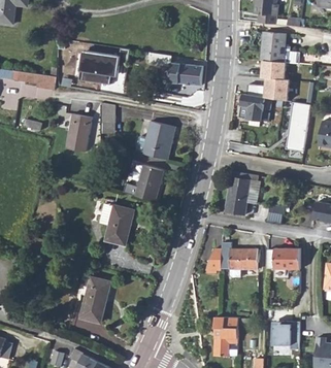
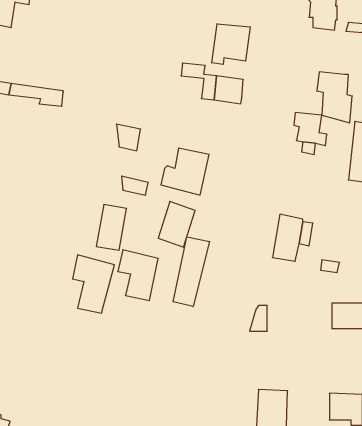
building: none -> [212,24,250,64]
building: [262,30,288,62] -> none
building: [77,53,118,83] -> none
building: [66,114,91,152] -> [96,205,127,250]
building: none -> [173,237,210,307]
building: [231,247,258,276] -> none
building: [75,275,109,323] -> [73,255,114,313]

